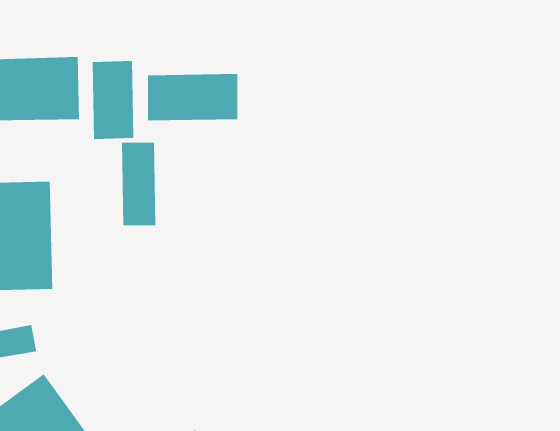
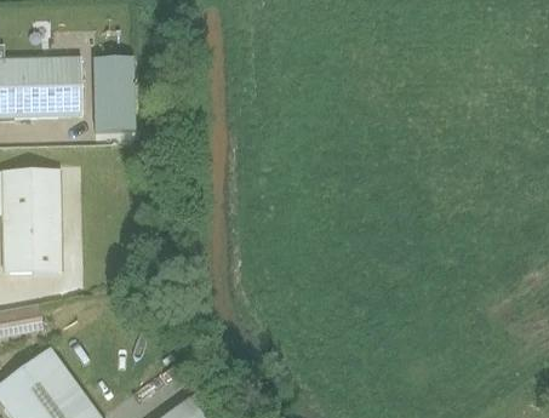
building: [147,73,238,121] -> none
building: [121,142,156,226] -> none

